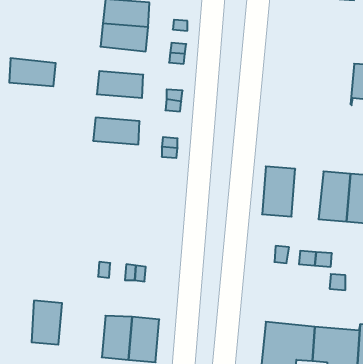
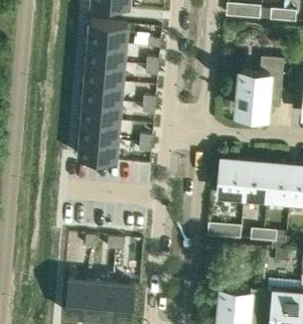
building: none -> [238,57,284,114]
building: [9,58,56,86] -> [86,61,124,85]
building: none -> [83,101,121,123]
building: none -> [79,139,118,162]
building: none -> [244,162,270,203]
building: [32,301,62,345] -> [65,281,91,317]

